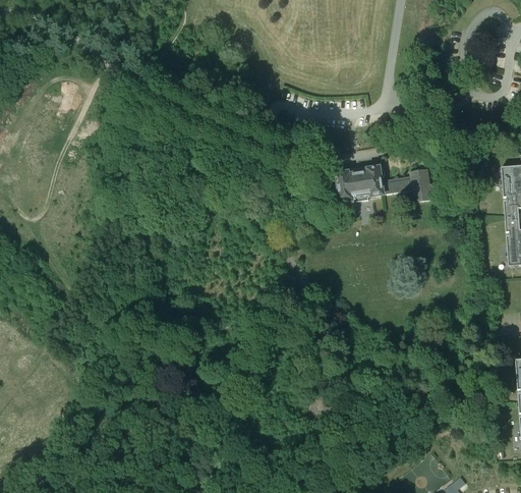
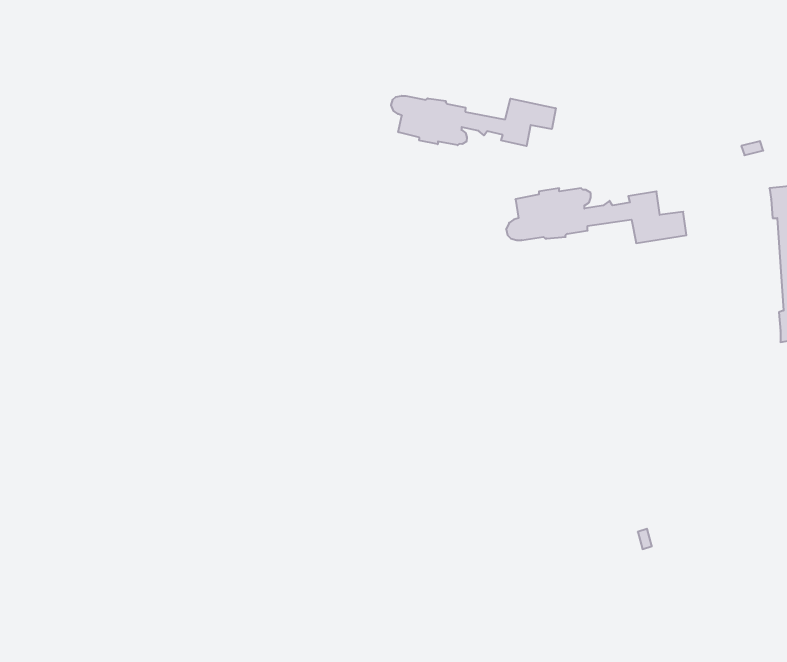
building: none -> [391,96,556,146]

